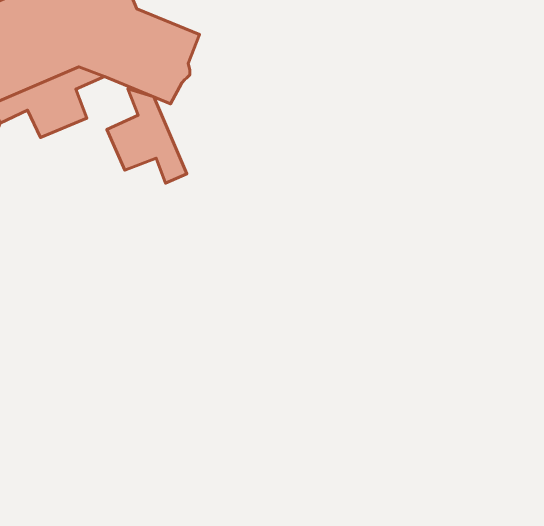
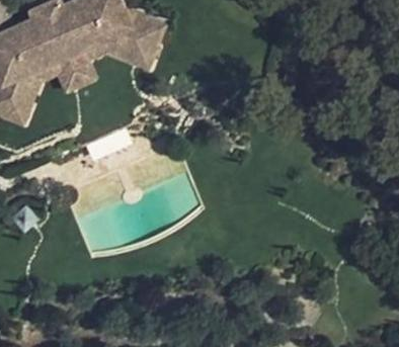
building: [107,89,187,183] -> none

